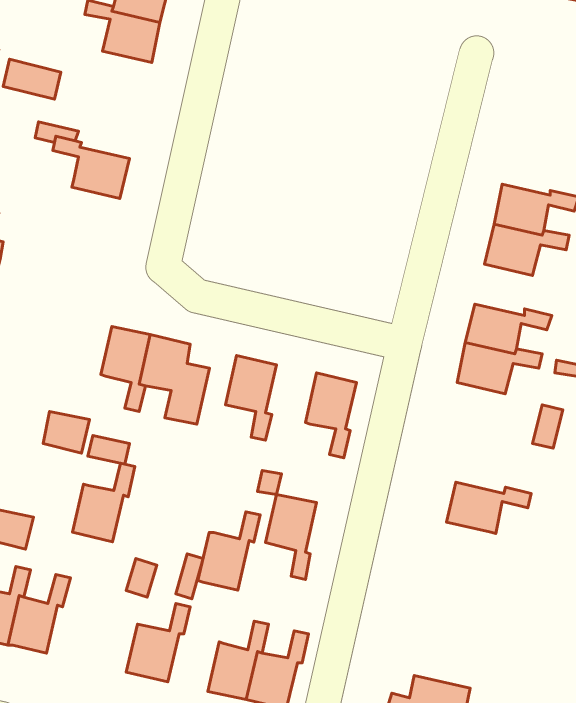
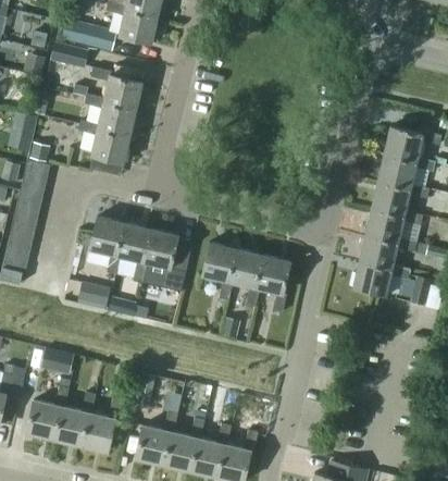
building: none -> [60,21,98,48]
building: none -> [90,67,141,109]
building: none -> [77,121,129,163]
building: none -> [371,181,428,215]
building: none -> [88,217,124,274]
building: [72,463,135,542] -> [79,398,122,452]
building: [446,482,531,533] -> [352,261,410,296]
building: [265,495,317,579] -> [228,249,263,307]
building: [198,512,260,590] -> [162,418,204,471]

